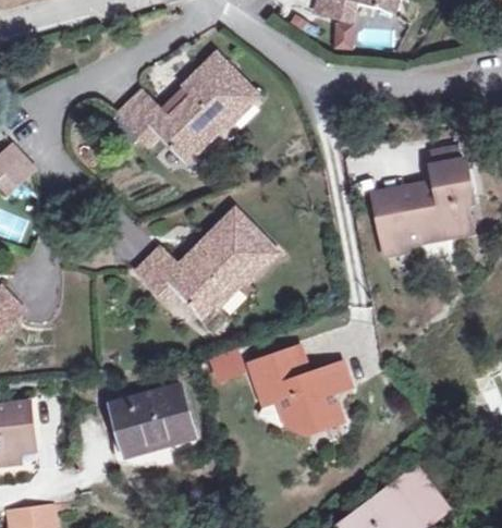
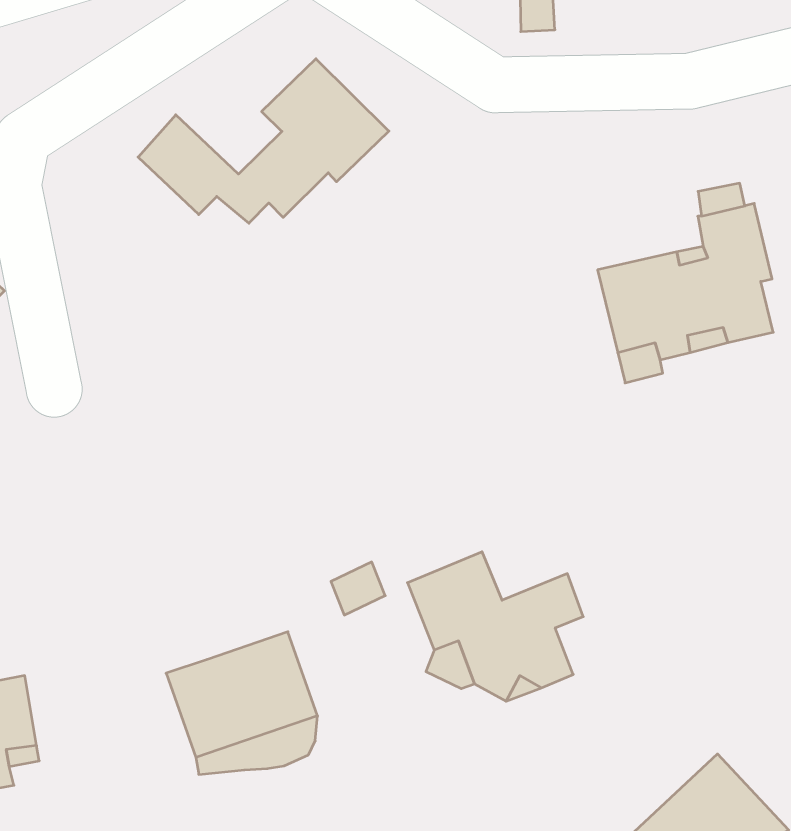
building: [127,200,274,302] -> none

